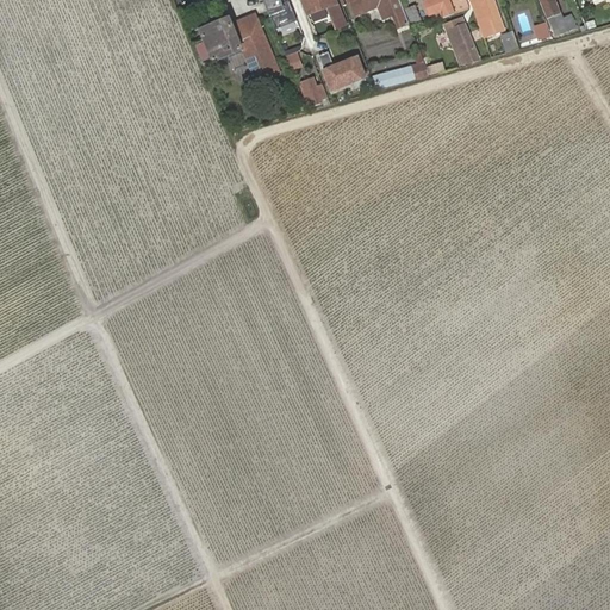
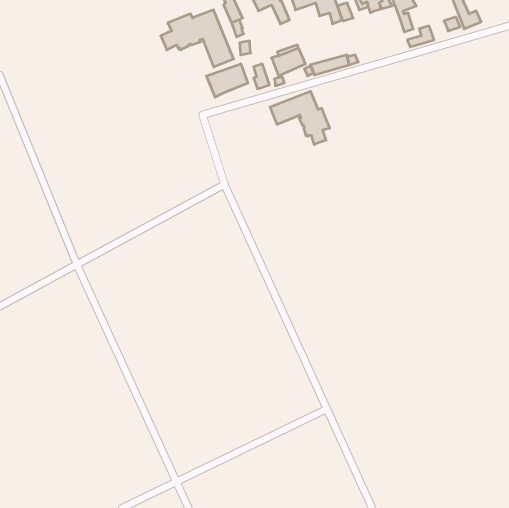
building: [444,17,477,64] -> none
building: none -> [206,64,248,97]
building: none -> [270,91,330,145]

